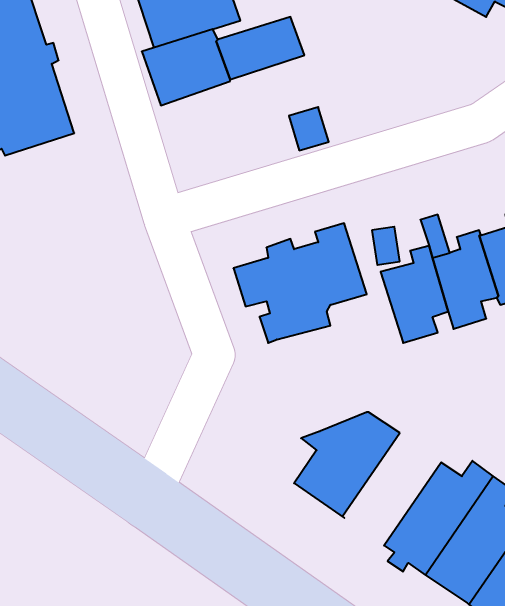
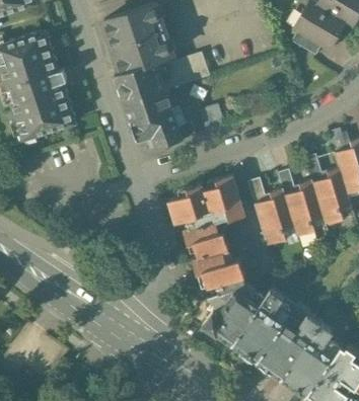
building: none -> [125,90,195,145]
building: none -> [192,233,245,295]
building: none -> [231,288,289,366]

